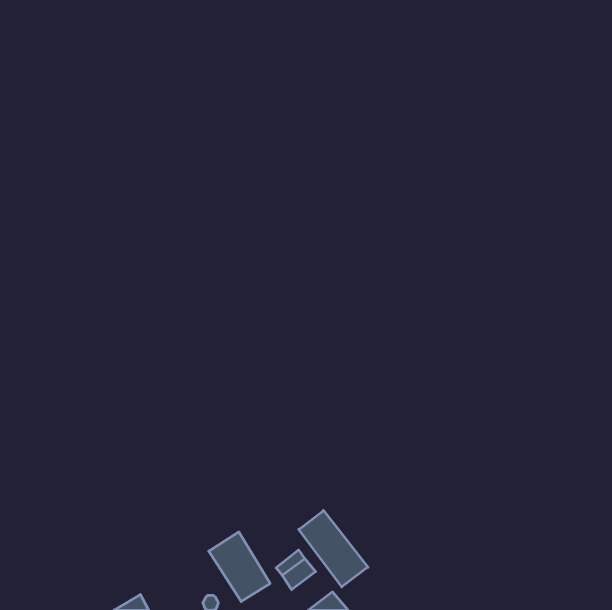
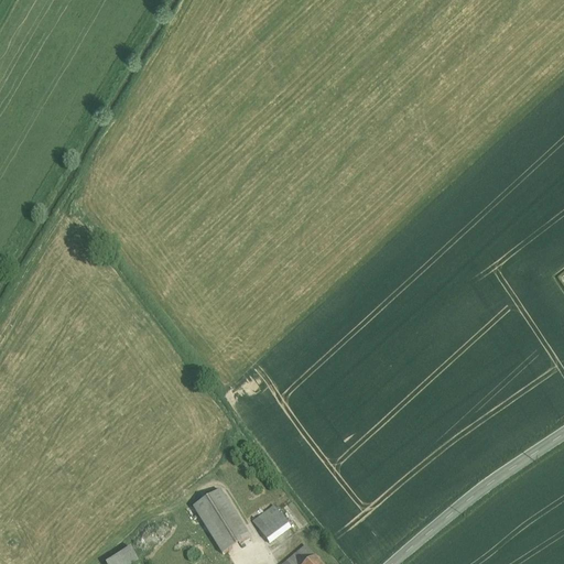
building: [299,510,368,587] -> none

